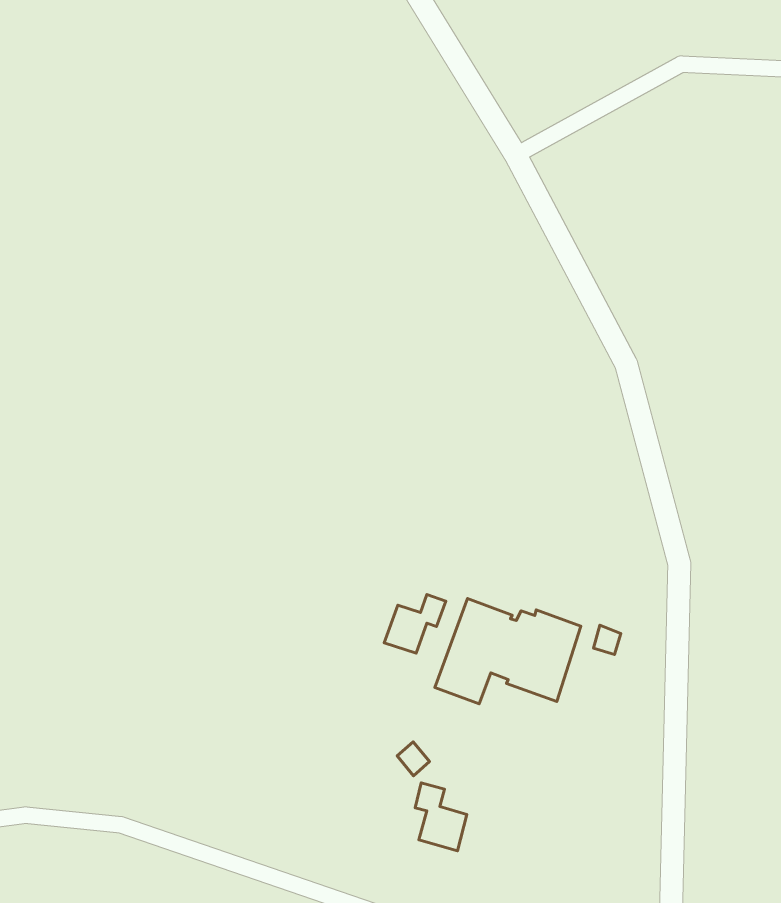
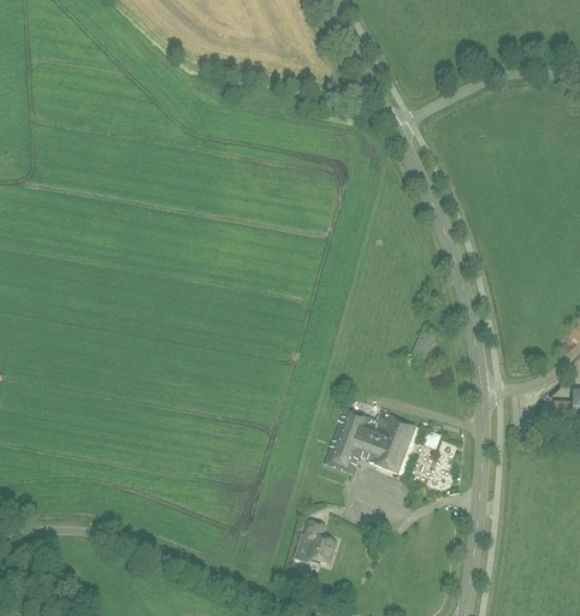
building: [384,594,446,653] -> none

